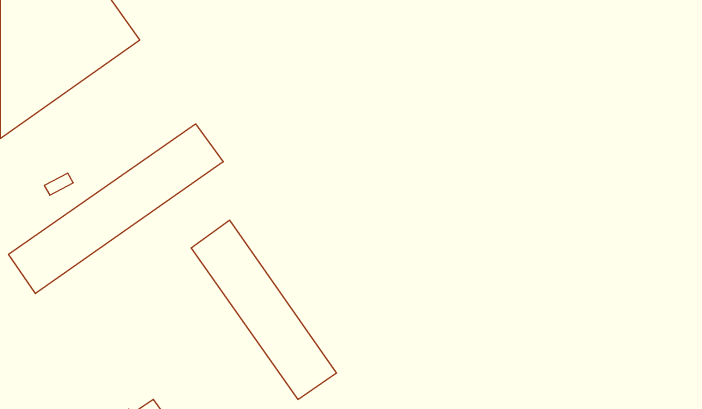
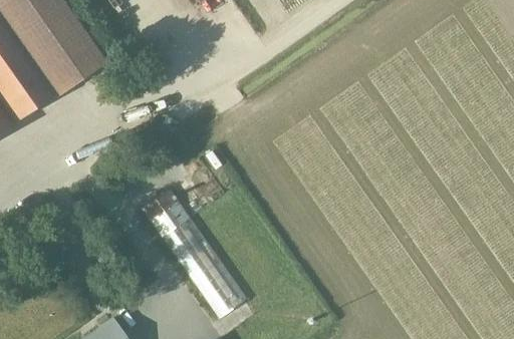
building: [9,124,223,294] -> none

